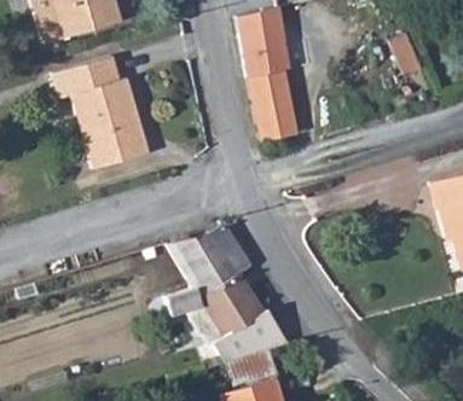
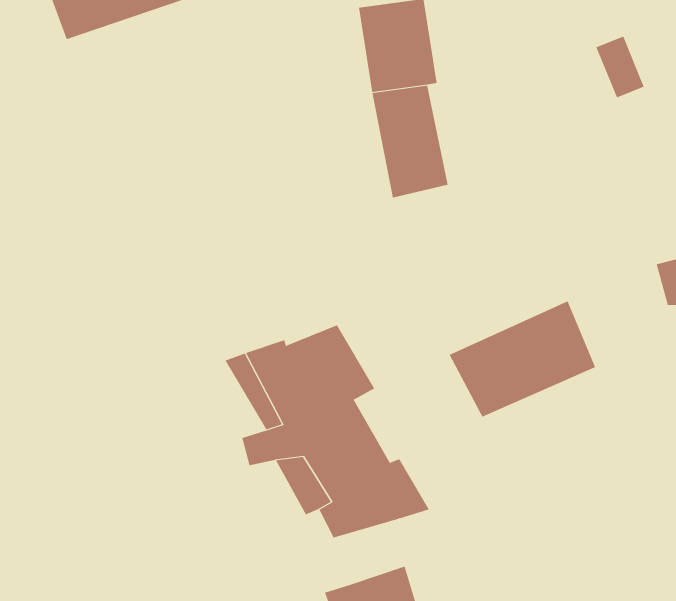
building: [57,51,152,164] -> none
building: none -> [449,300,596,418]
building: [224,347,276,389] -> none

